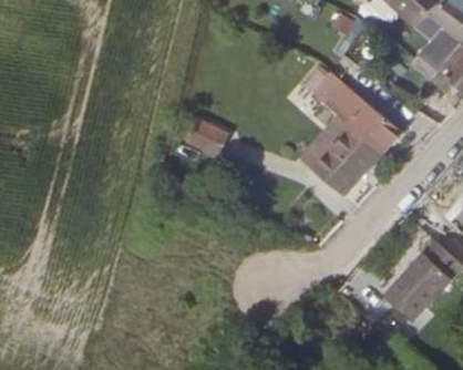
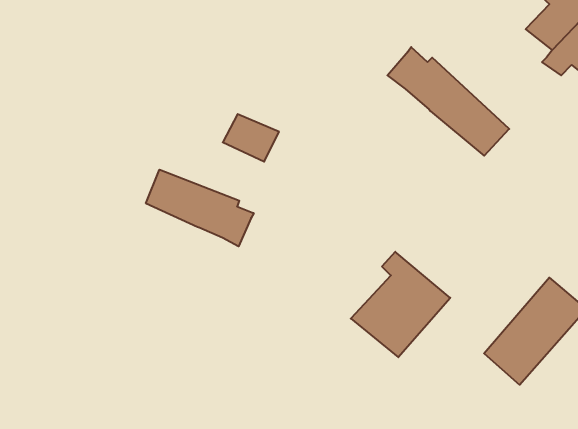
building: [308,116,382,195] -> [351,252,450,357]
building: none -> [146,170,254,246]

